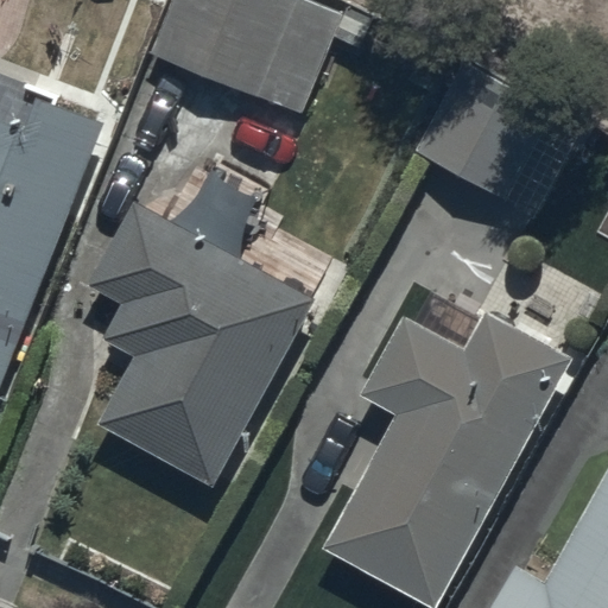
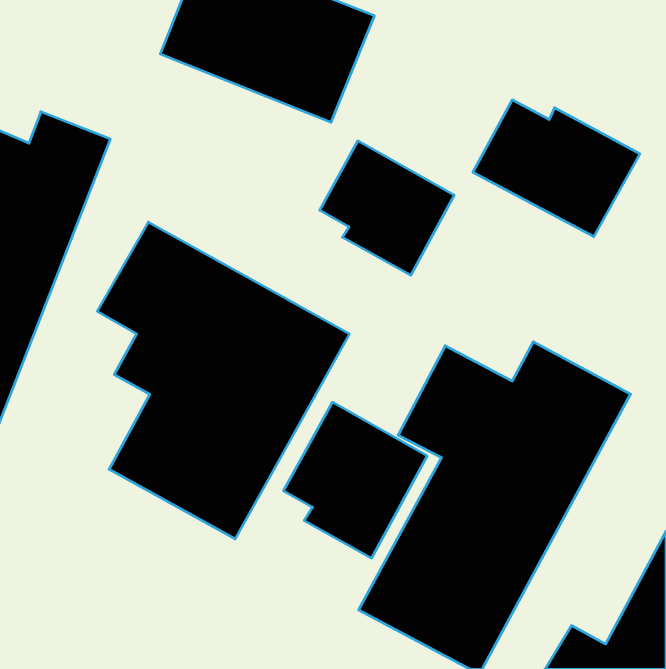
building: none -> [320,141,454,275]
building: none -> [284,402,427,558]

